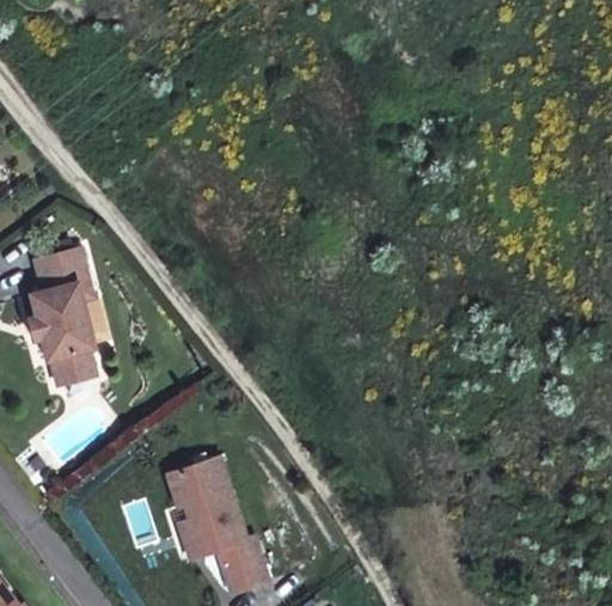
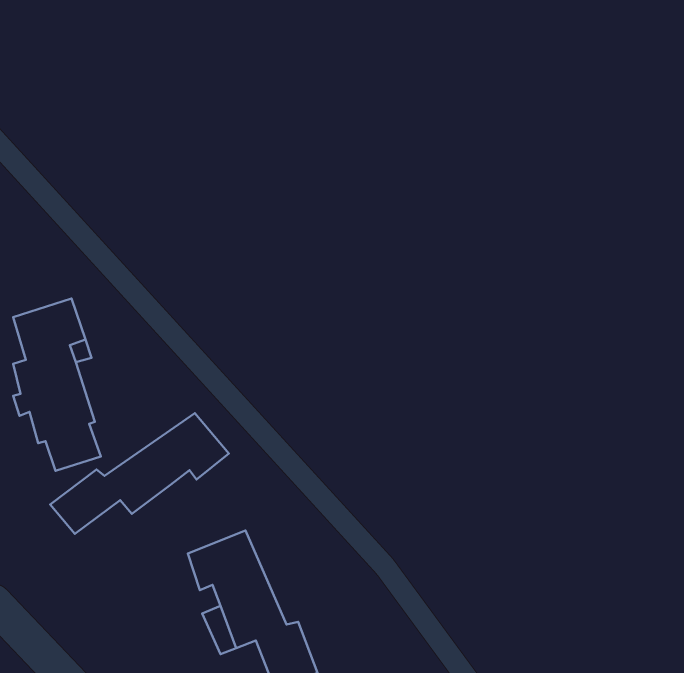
building: none -> [50,413,229,534]

